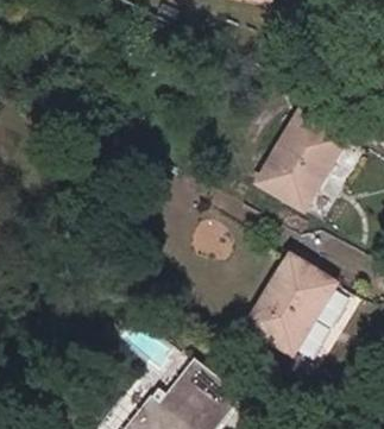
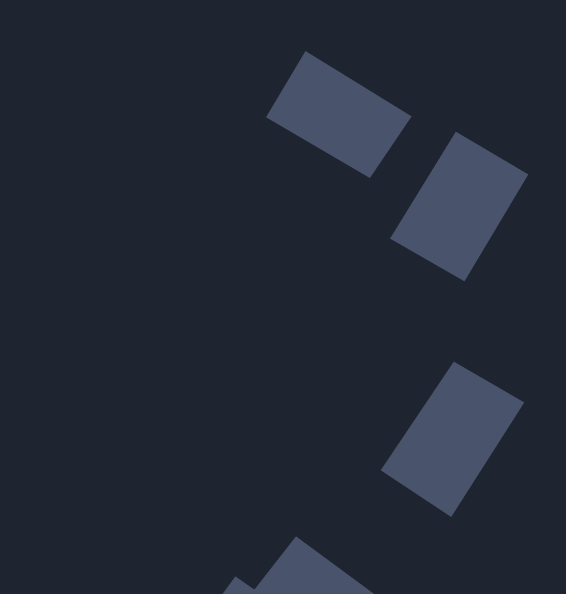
building: none -> [265,50,413,179]

